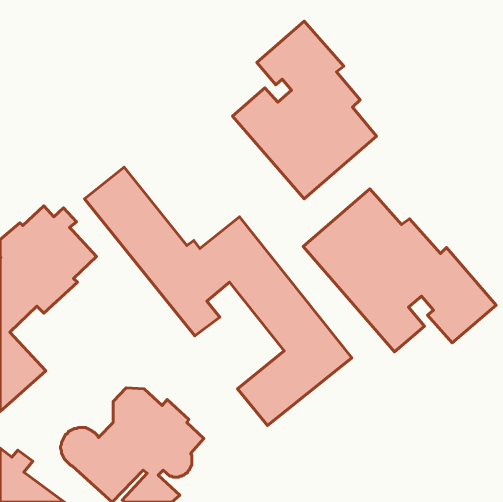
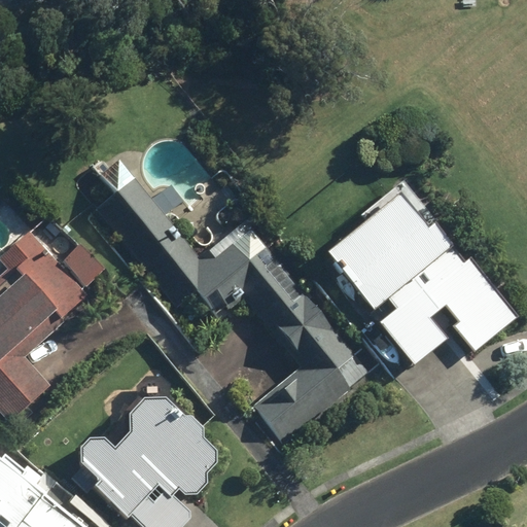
building: [232,21,377,199] -> none

